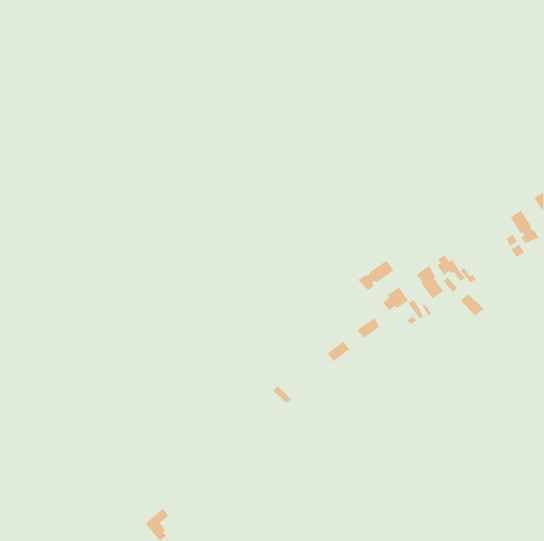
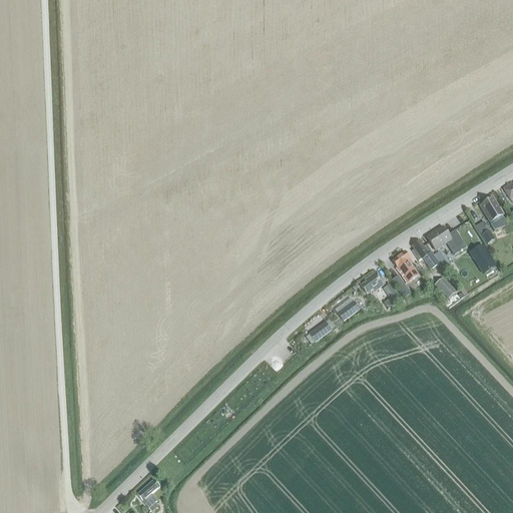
building: none -> [426,225,464,255]
building: none -> [469,243,495,273]
building: [357,260,394,291] -> none

